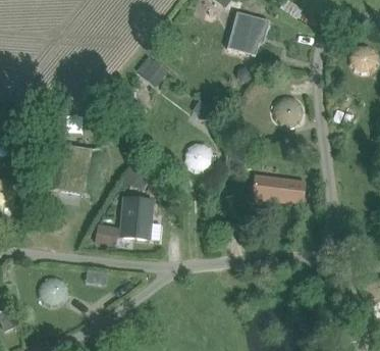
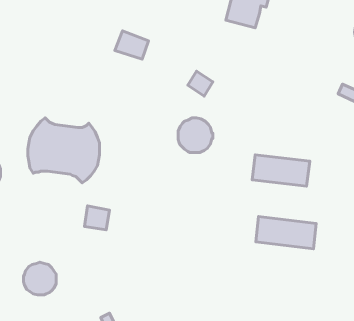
building: [272,95,304,128] -> none
building: [120,196,153,240] -> none
building: none -> [256,217,316,249]

